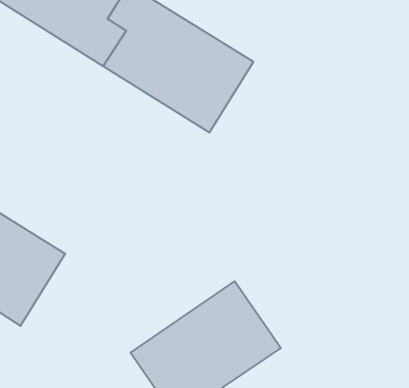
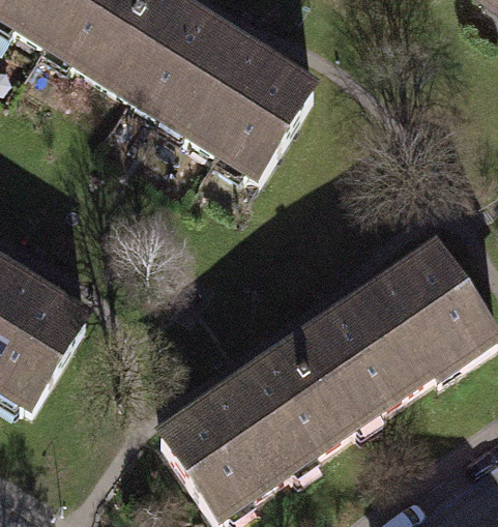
building: none -> [286,251,490,433]

